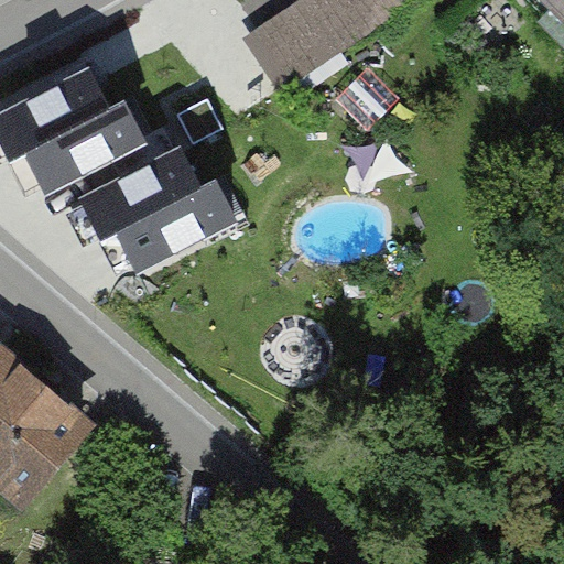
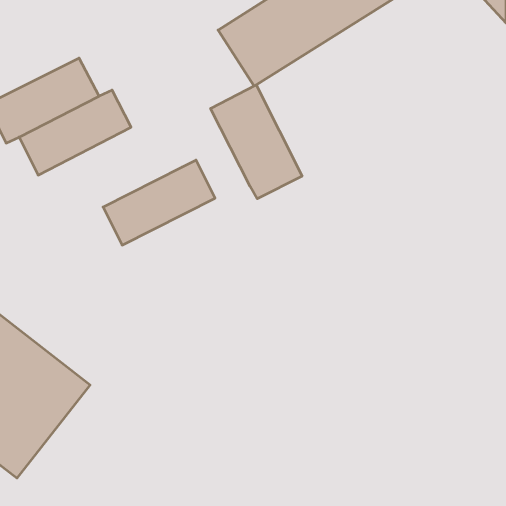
building: none -> [211,85,302,199]
building: [77,141,200,236] -> none

